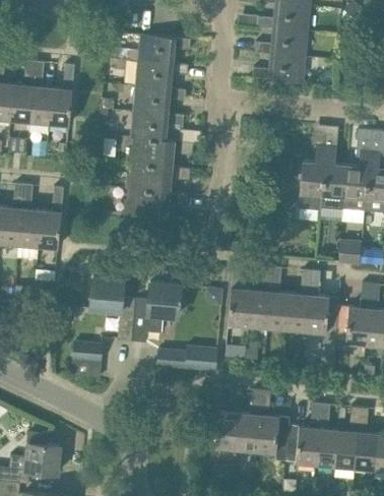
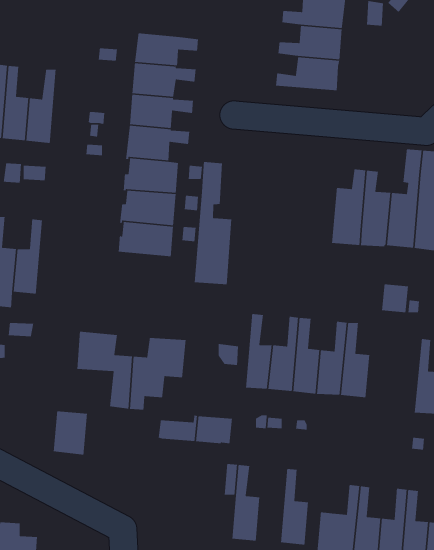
building: none -> [194,161,232,285]
building: [345,284,371,346] -> none
building: [237,390,261,451] -> none

